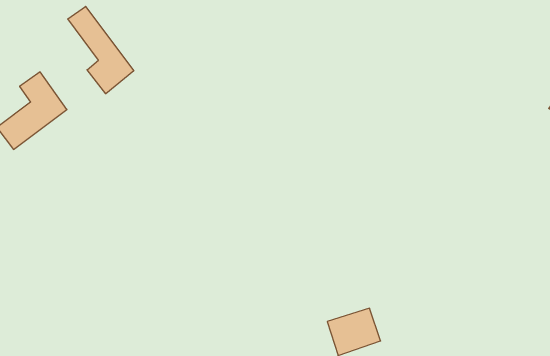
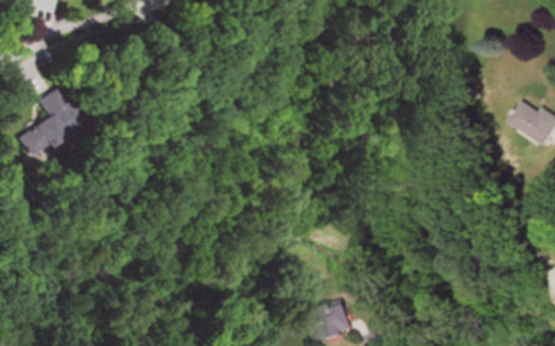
building: [68,6,134,94] -> none

